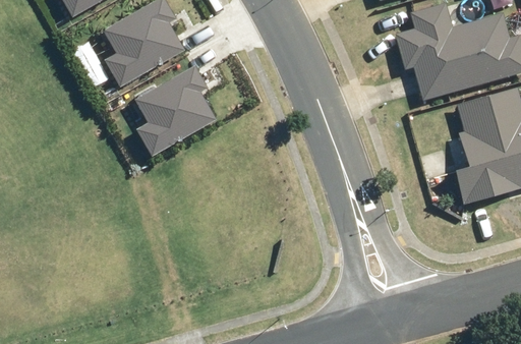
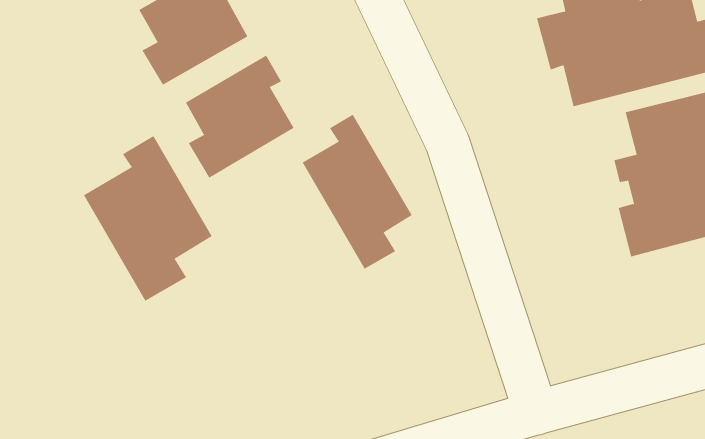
building: none -> [302,114,412,270]
building: none -> [83,135,213,301]

